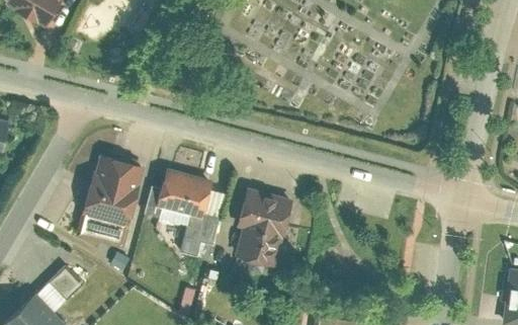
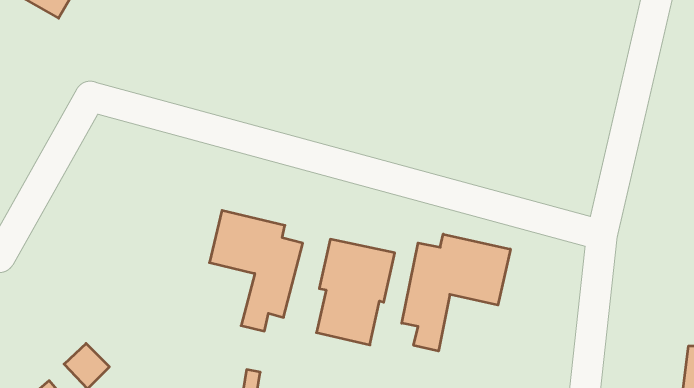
building: [78,156,143,247] -> none
building: none -> [402,234,510,351]

